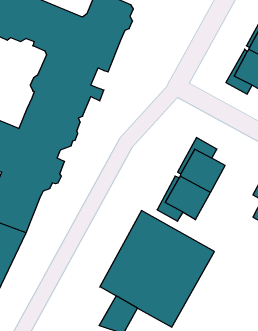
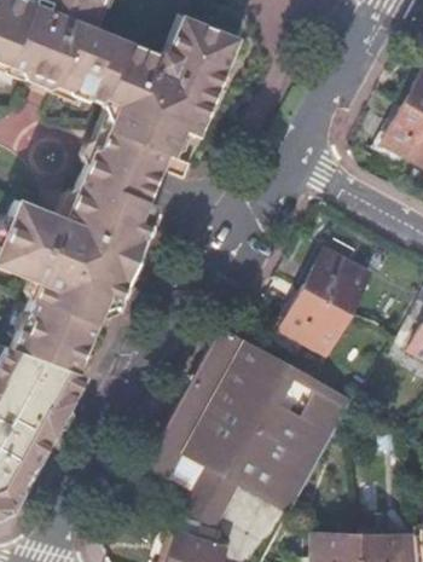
building: none -> [147,328,248,480]

